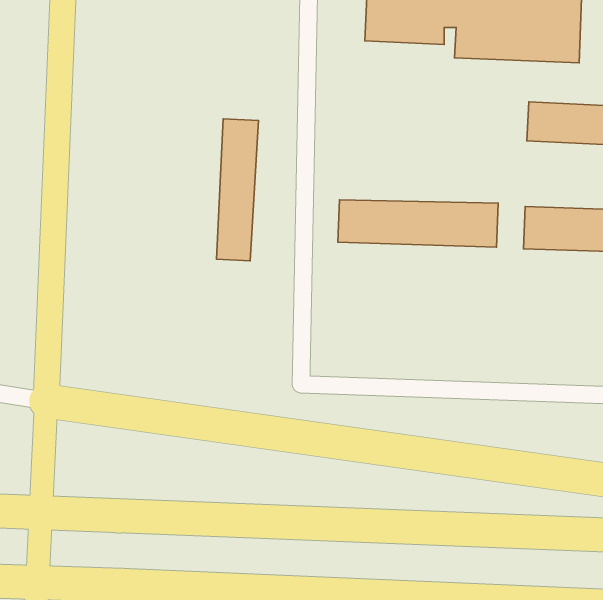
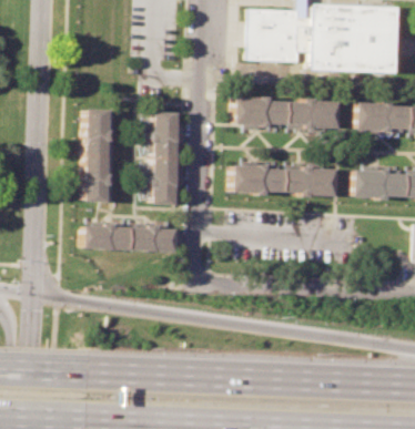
building: none -> [235,99,338,127]
building: none -> [83,109,110,203]
building: none -> [82,226,175,254]

